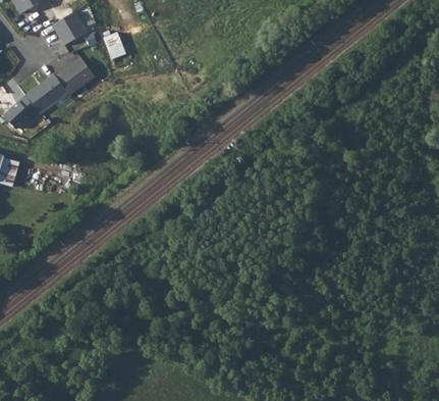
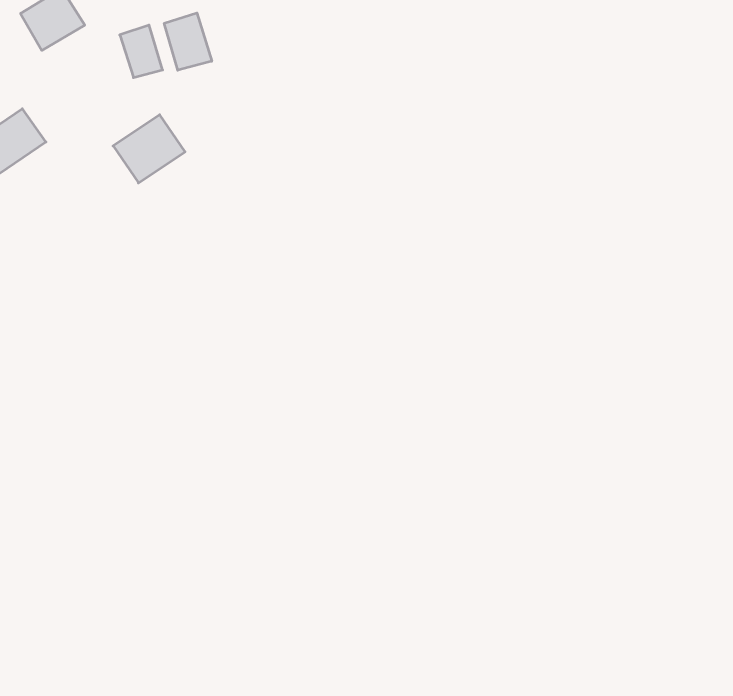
building: none -> [164,13,212,70]
building: [56,56,94,92] -> [113,115,185,183]

